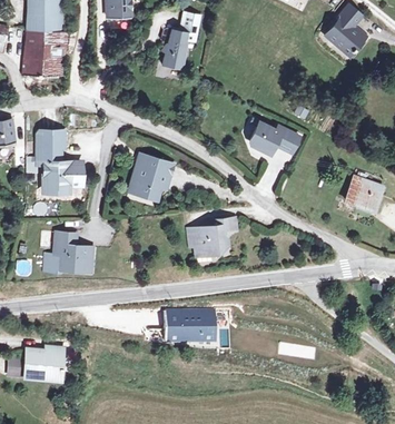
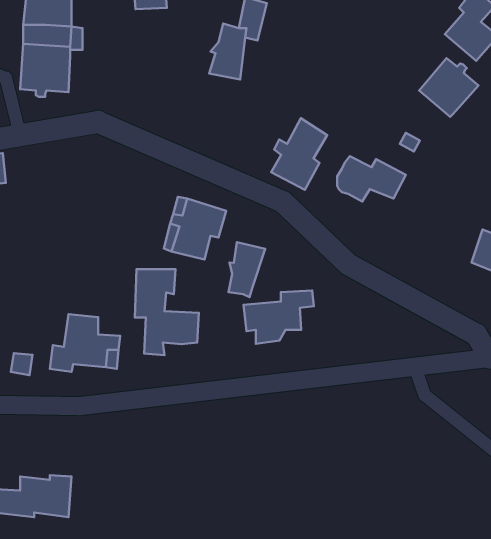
building: none -> [419,58,478,117]
building: none -> [271,118,327,190]
building: [34,131,80,193] -> [135,269,199,355]
building: none -> [228,242,265,297]
building: [166,310,215,337] -> none

